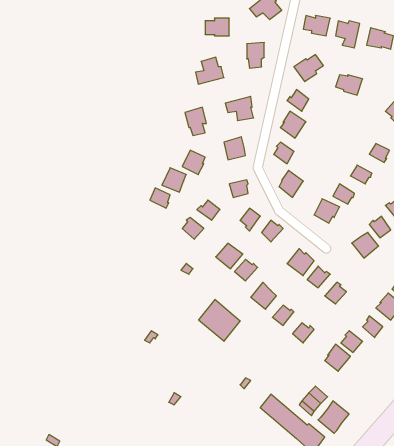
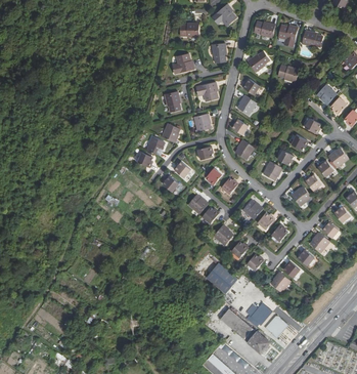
building: [199,300,240,341] -> [202,259,233,291]

